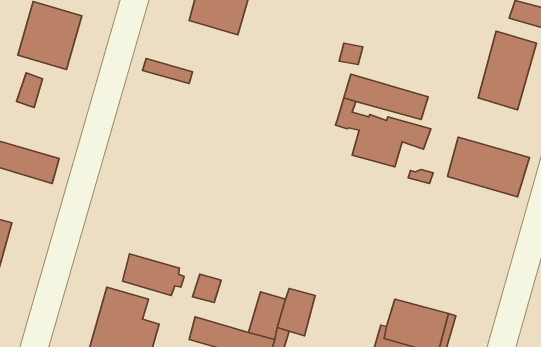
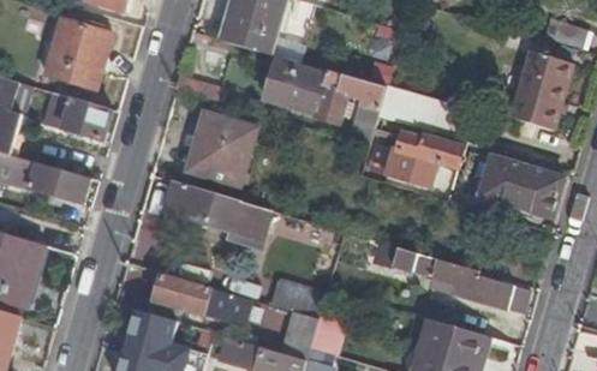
building: none -> [264,55,384,137]
building: none -> [64,97,112,138]
building: none -> [186,114,255,185]
building: none -> [165,181,269,247]
building: none -> [394,247,529,313]
building: none -> [269,281,326,319]

